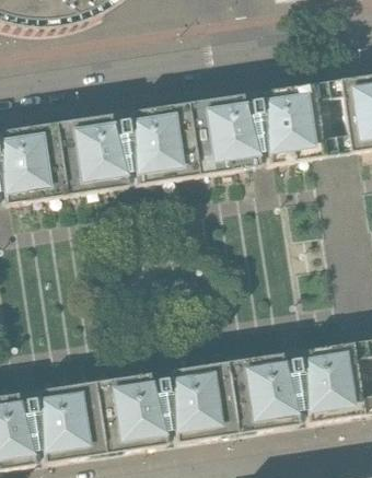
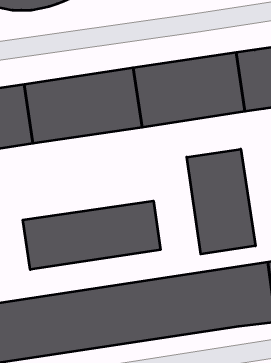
building: none -> [187,149,255,254]
building: none -> [23,201,160,270]

